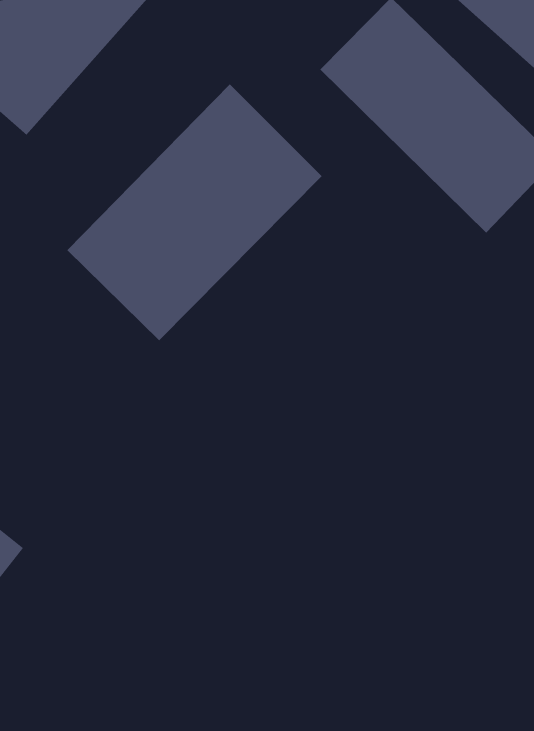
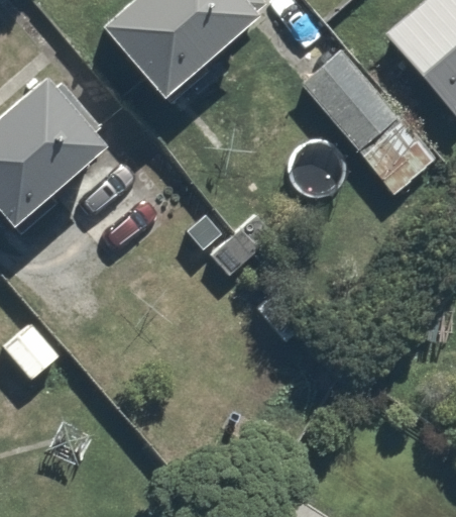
building: [66,83,323,341] -> none

